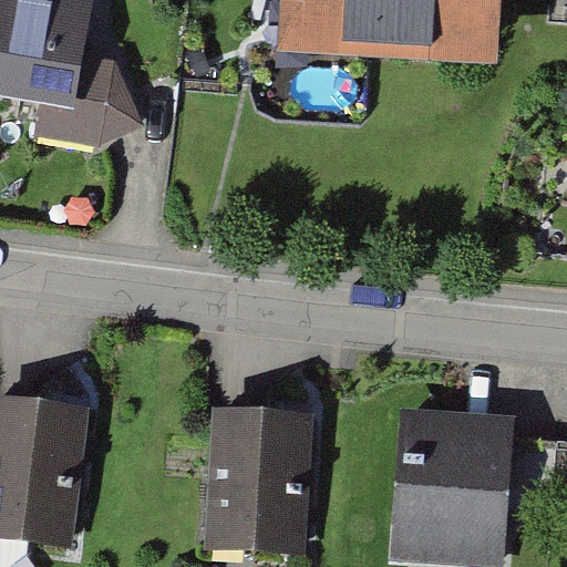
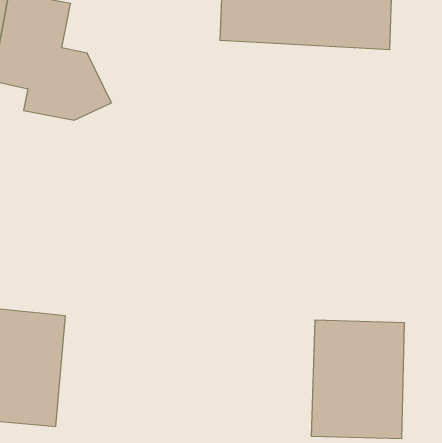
building: [207,411,309,549] -> none

